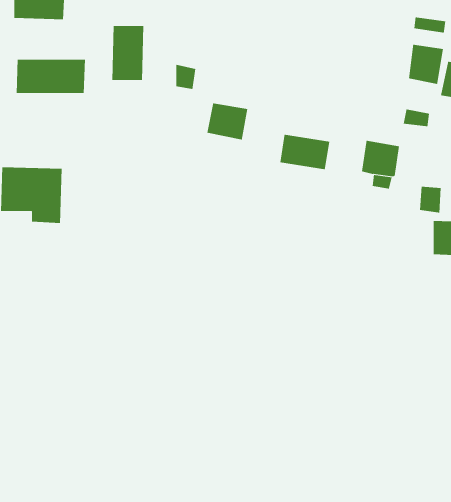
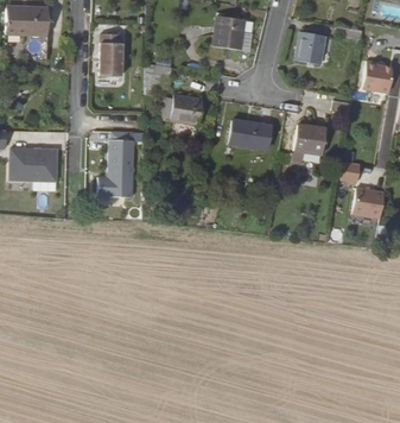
building: none -> [215,18,248,55]
building: [408,44,444,84] -> [296,33,324,65]
building: [16,59,85,94] -> none
building: none -> [96,137,134,195]

